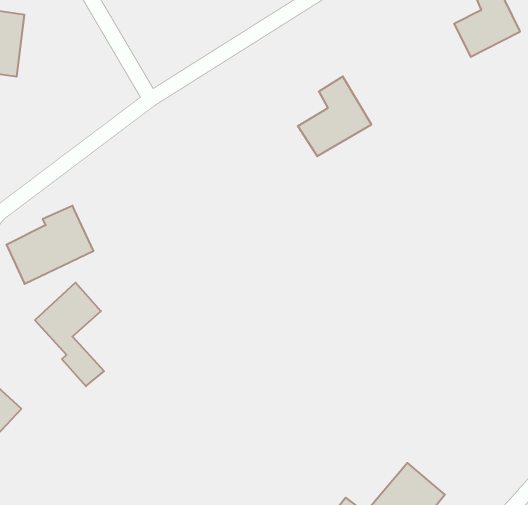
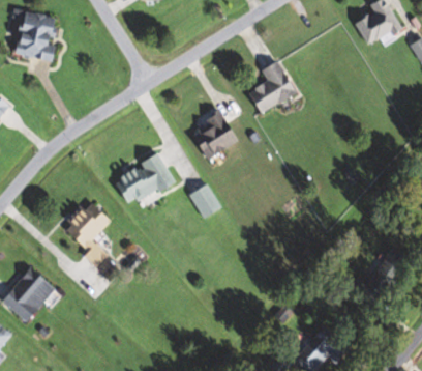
building: none -> [191,113,238,158]
building: [6,206,94,284] -> [113,152,173,206]
building: none -> [187,183,219,218]

